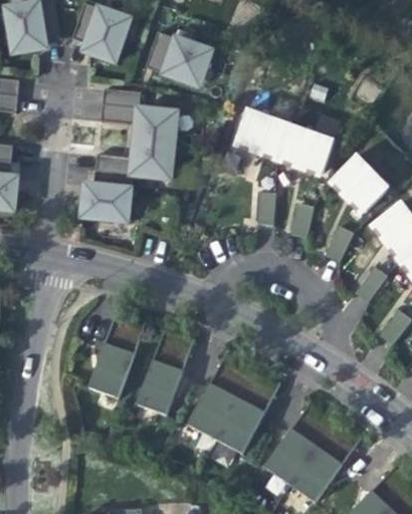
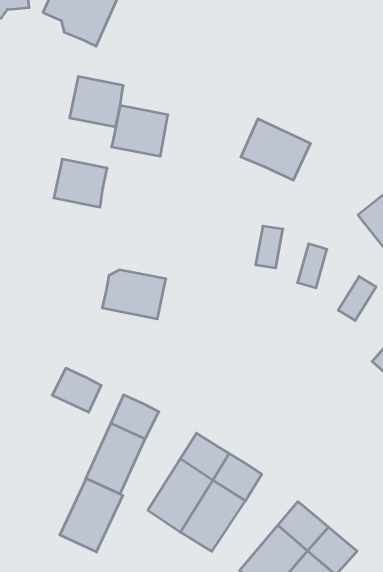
building: [145,32,211,84] -> none
building: [280,125,334,172] -> none
building: [131,142,174,179] -> none
building: [81,186,130,222] -> [102,270,166,319]
building: [87,341,135,399] -> [60,478,123,552]

